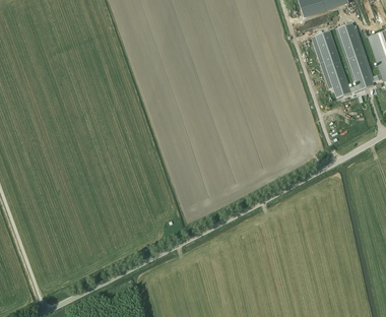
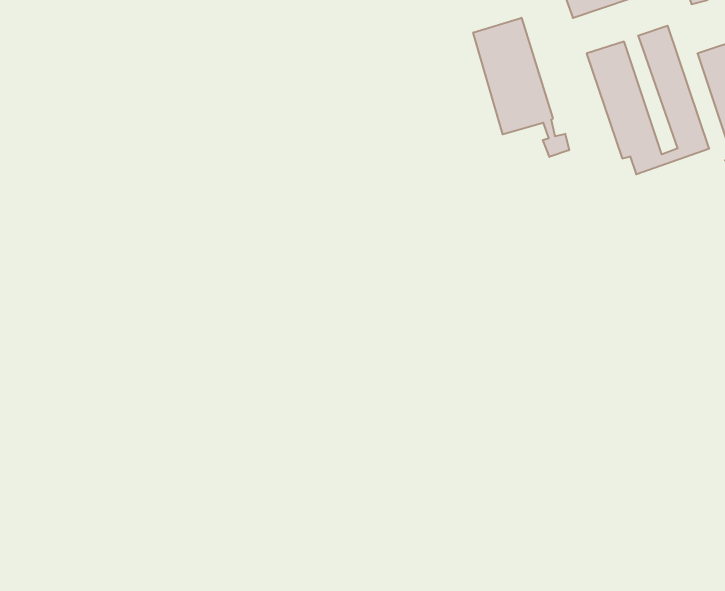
building: none -> [473,18,569,157]

